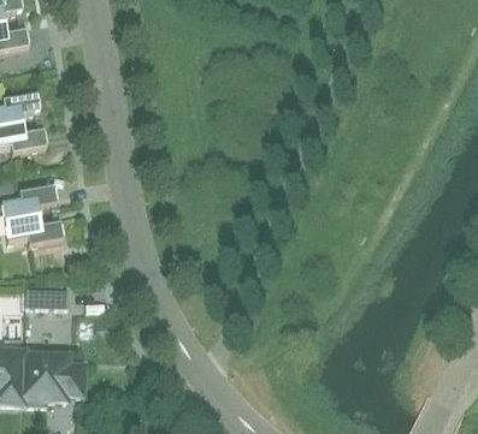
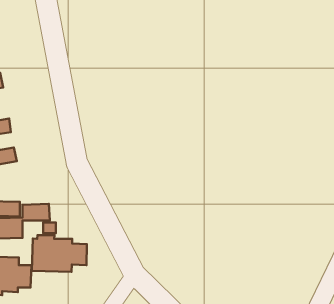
building: none -> [32,235,87,272]

